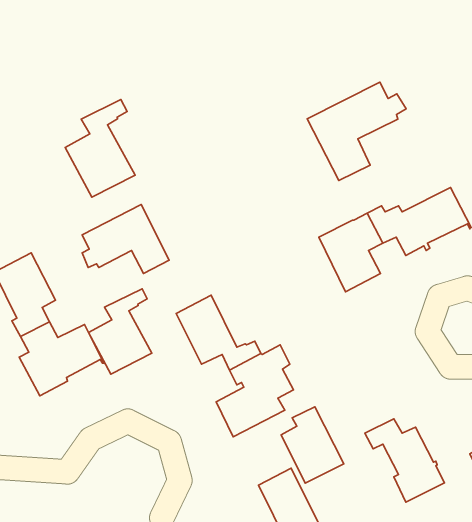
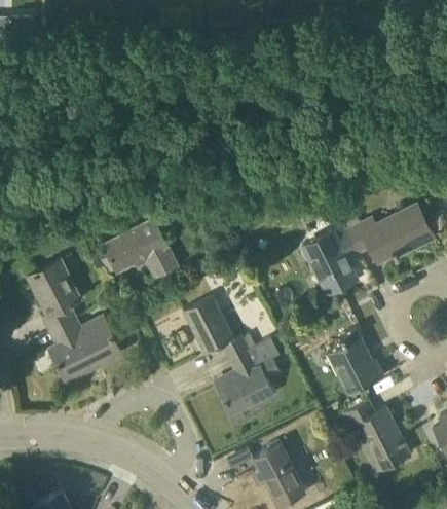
building: [307,82,406,180] -> none
building: [65,100,135,197] -> none
building: [89,289,152,374] -> none
building: [281,407,344,483] -> [331,328,384,393]

